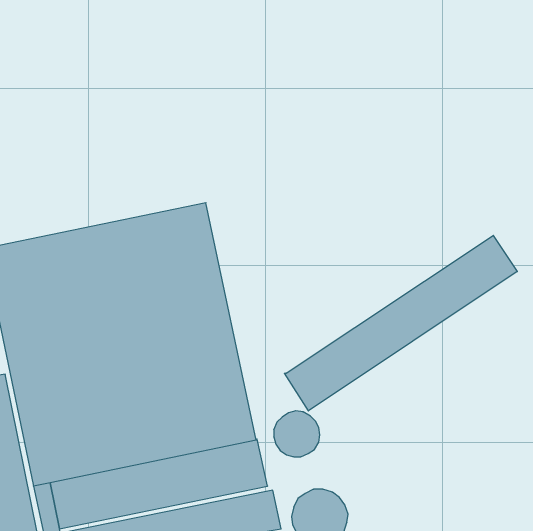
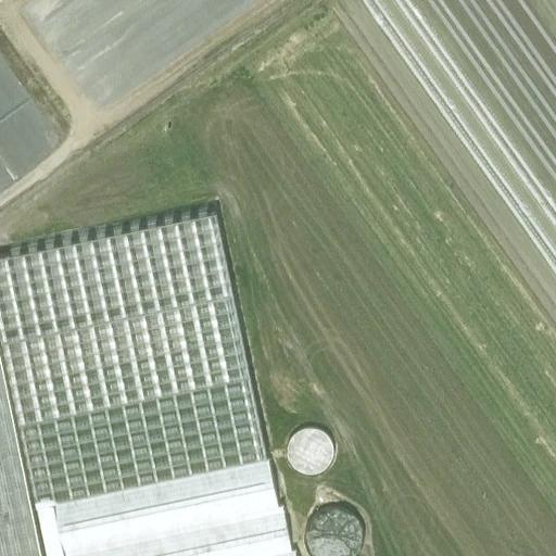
building: [284,235,517,411] -> none

